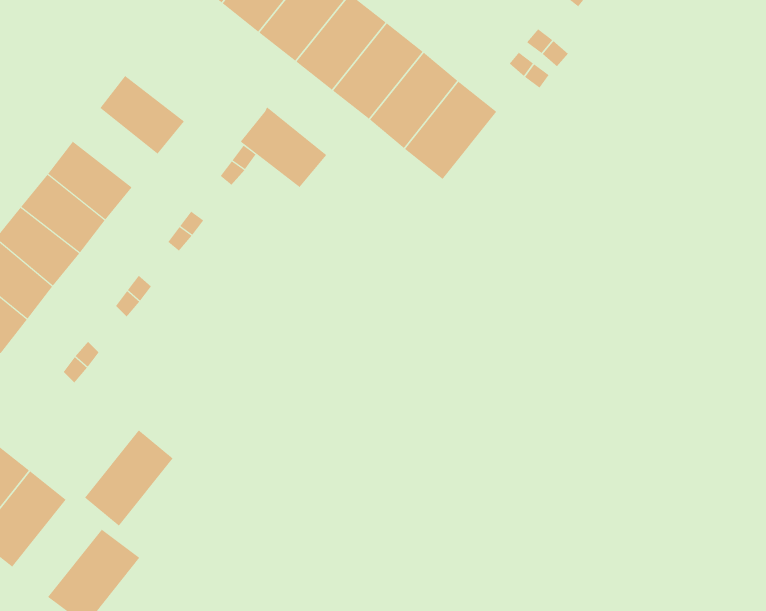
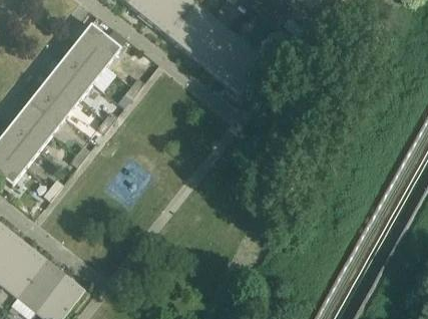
building: [240,107,327,188] -> [75,23,120,65]
building: none -> [48,58,92,99]
building: [84,430,173,527] -> [17,261,63,311]

